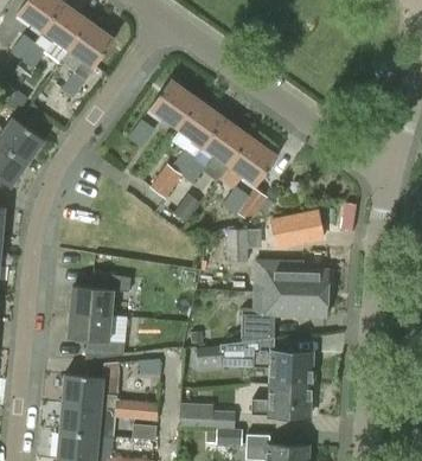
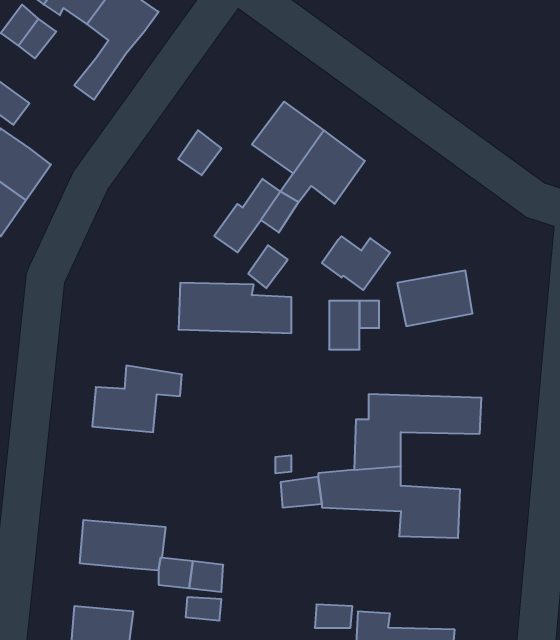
building: [151,79,198,127] -> none
building: [231,137,279,185] -> none
building: [254,261,328,294] -> [178,283,291,333]
building: [69,313,127,359] -> none
building: [252,385,313,418] -> none
building: [59,403,101,435] -> none
building: [181,404,235,428] -> none

